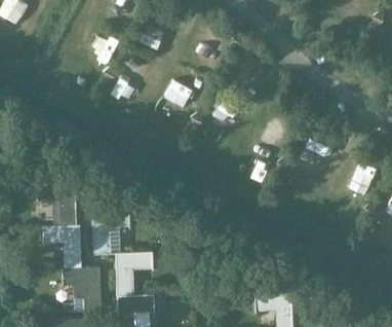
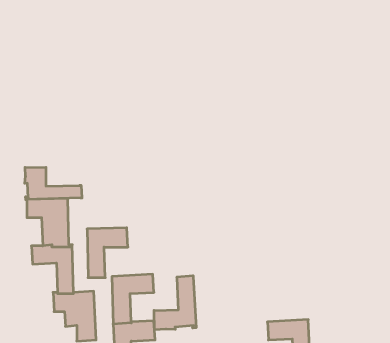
building: none -> [25,167,82,200]
building: none -> [154,276,196,330]

